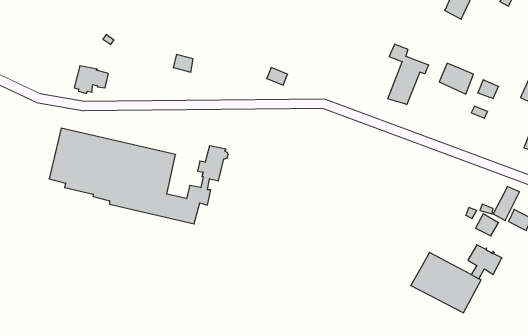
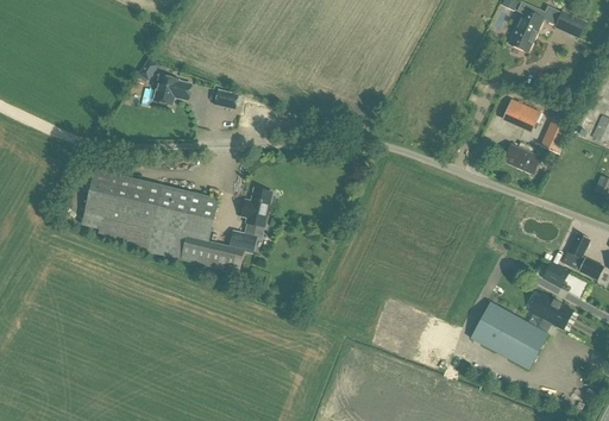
building: [388,44,429,105] -> none
building: [74,66,108,93] -> [153,75,190,105]
building: none -> [503,142,540,172]

